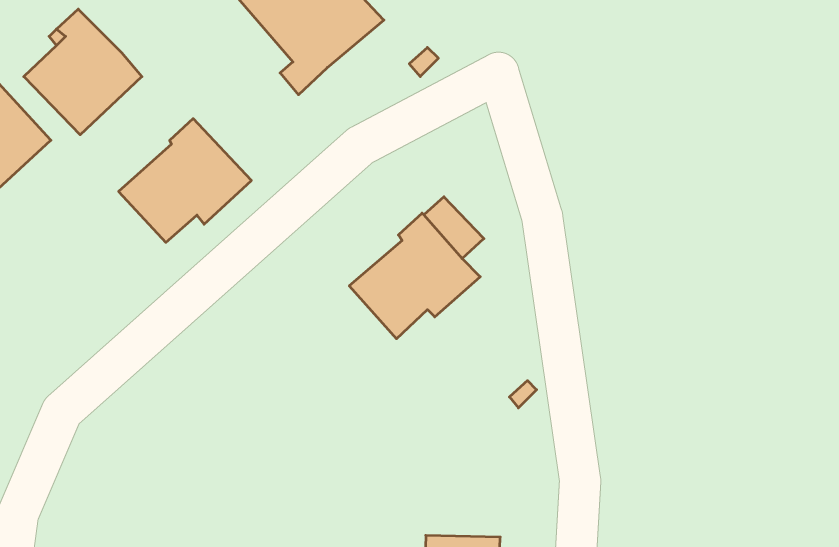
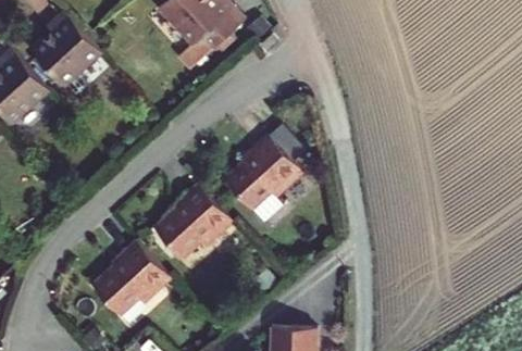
building: [119,119,251,242] -> [153,184,233,258]
building: none -> [91,240,170,315]

